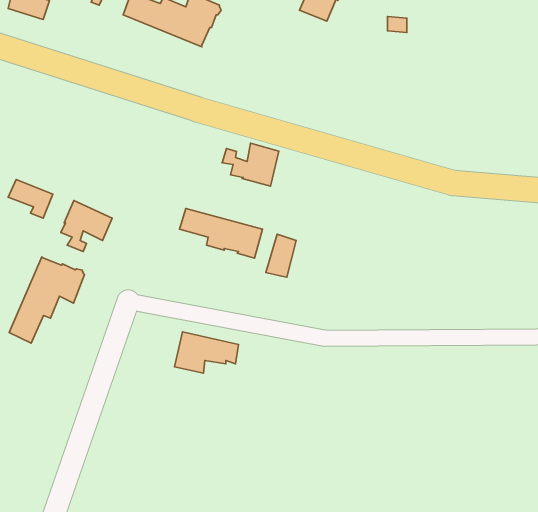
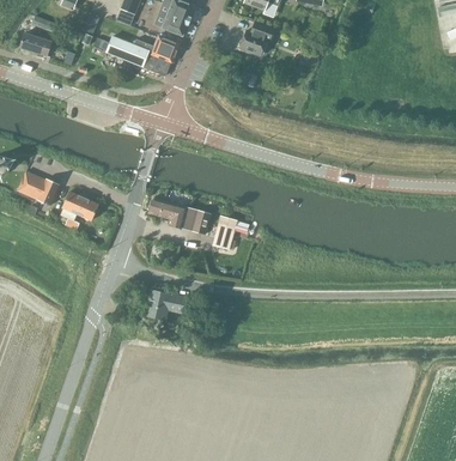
building: [222,143,279,186] -> none
building: [9,257,85,343] -> none

